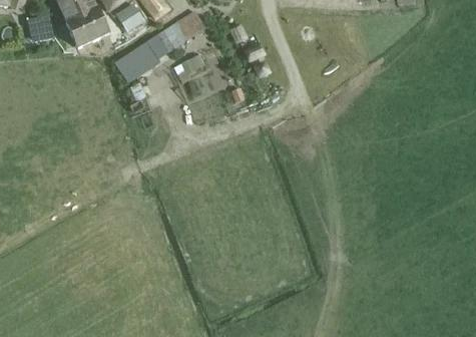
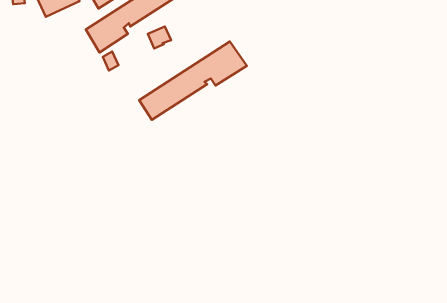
building: none -> [139,41,247,120]

